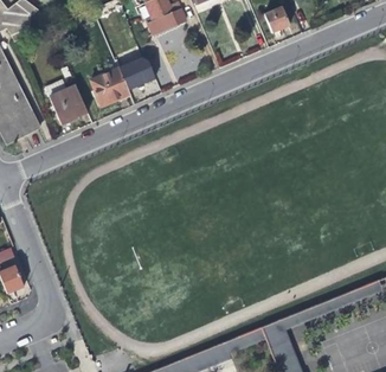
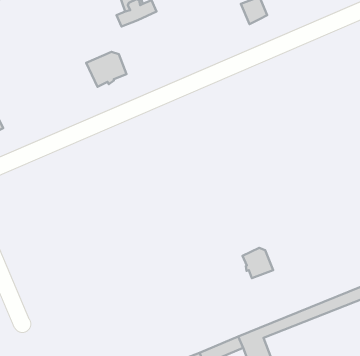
building: [90,69,128,107] -> none
building: [47,88,88,126] -> none
building: none -> [242,248,273,278]

